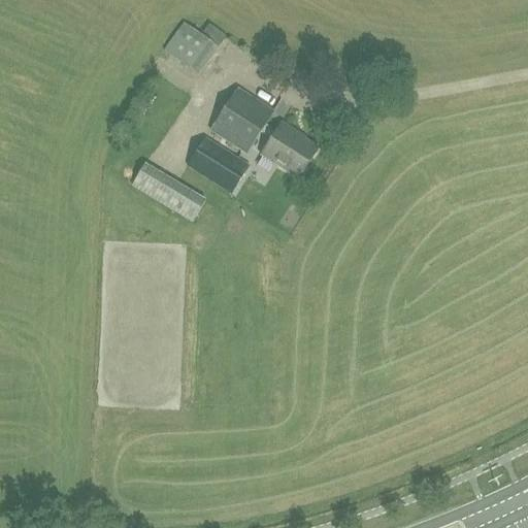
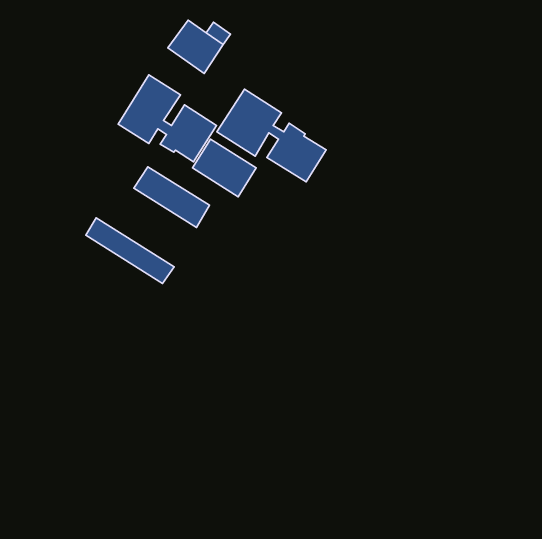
building: none -> [118,75,217,162]
building: none -> [86,218,174,283]

